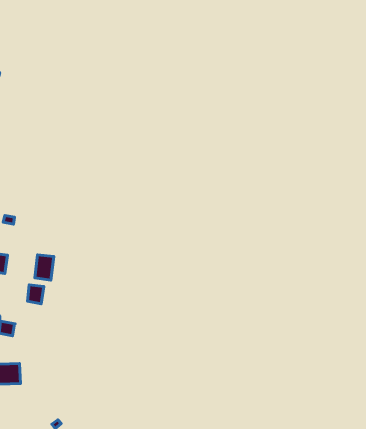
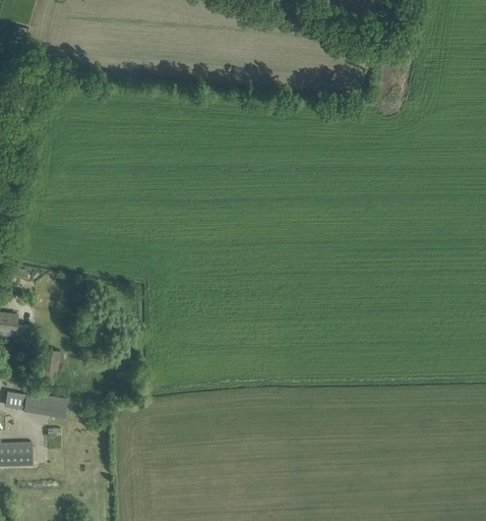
building: [35,255,54,280] -> none

